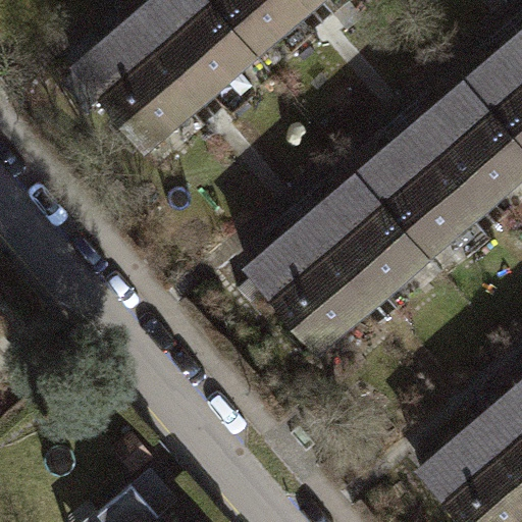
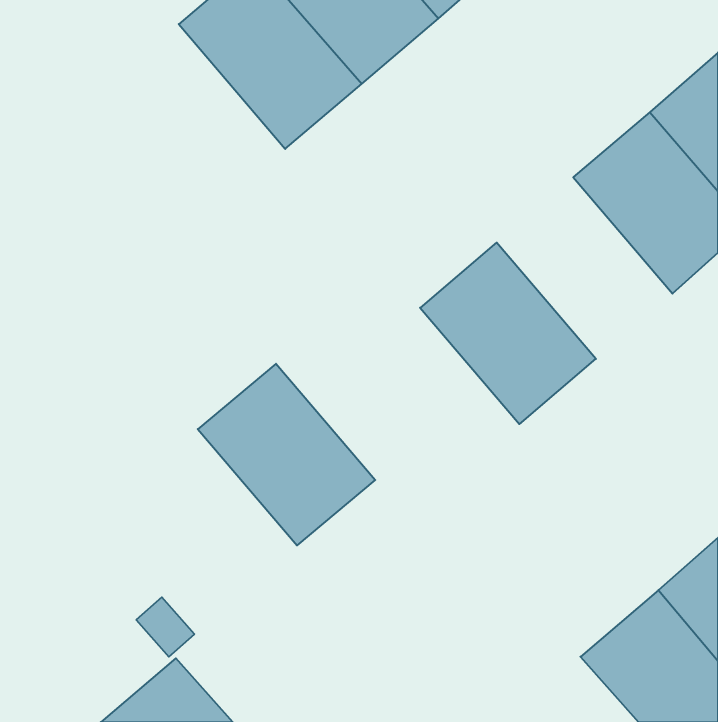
building: [73,17,205,154] -> none
building: [357,127,483,258] -> none
building: [246,221,373,352] -> [198,364,375,545]

